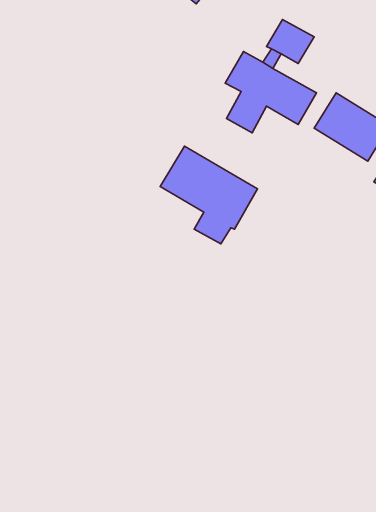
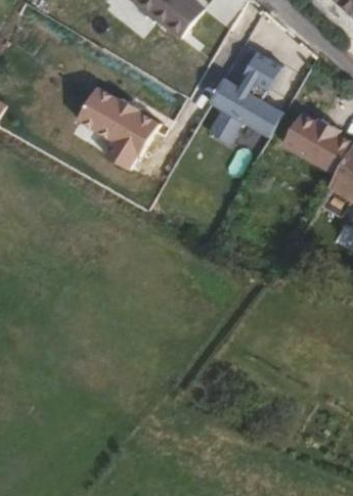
building: [160,146,258,244] -> [79,87,161,169]

